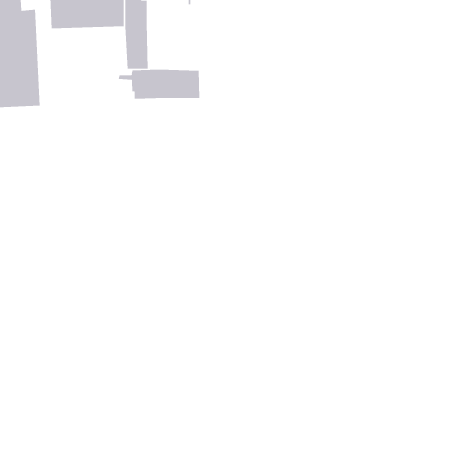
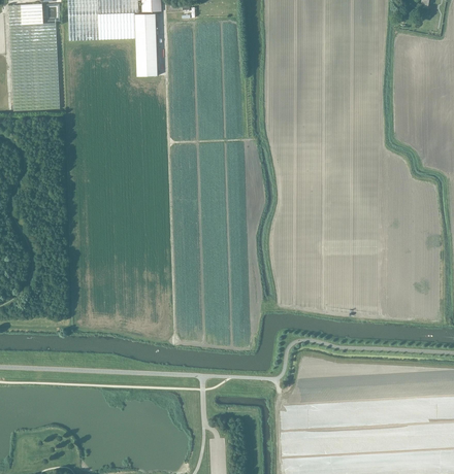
building: [118,69,200,100] -> none

